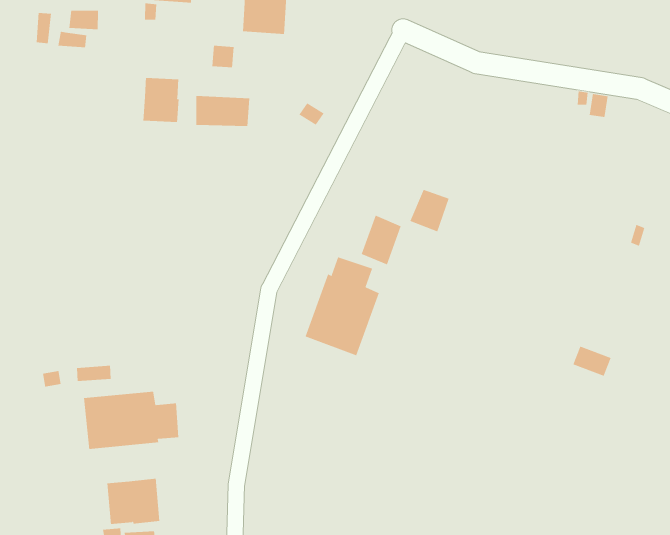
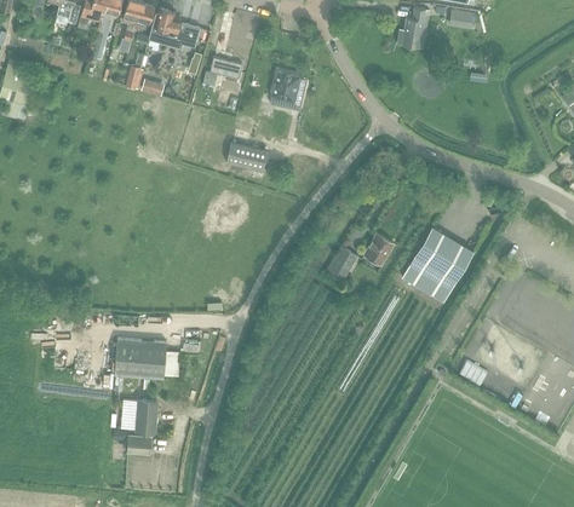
building: [143,77,179,123] -> none
building: none -> [401,226,473,301]
building: [305,257,380,356] -> none

